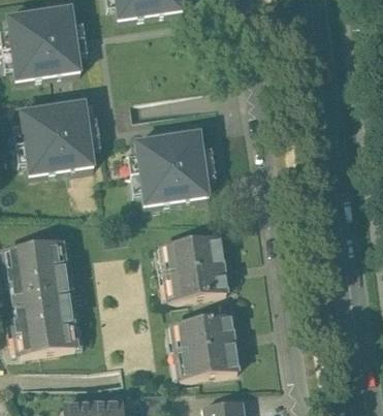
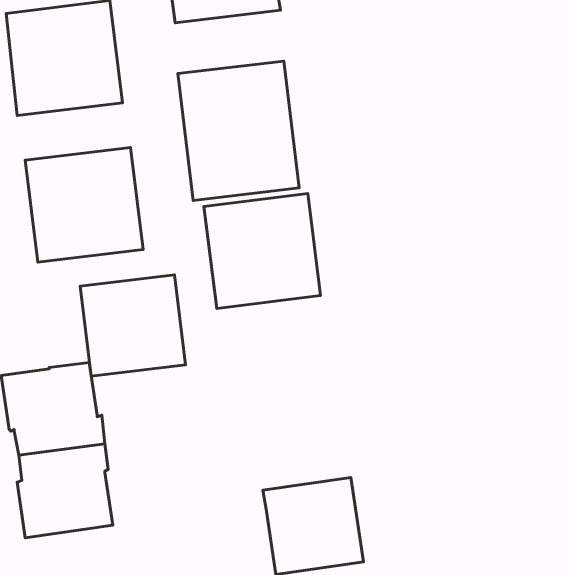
building: none -> [178,61,299,200]
building: none -> [80,275,186,376]
building: [162,235,226,298] -> none

